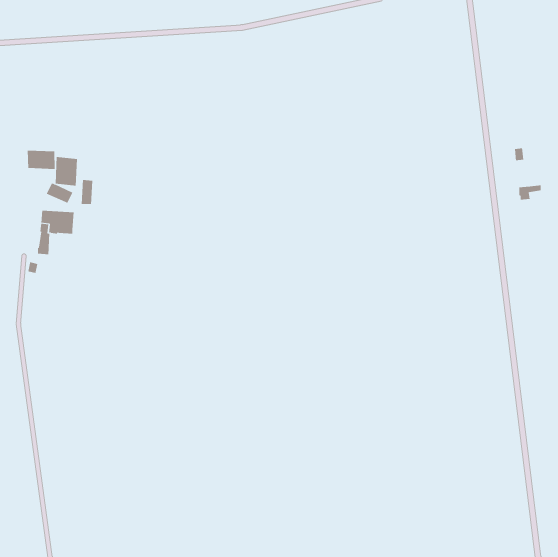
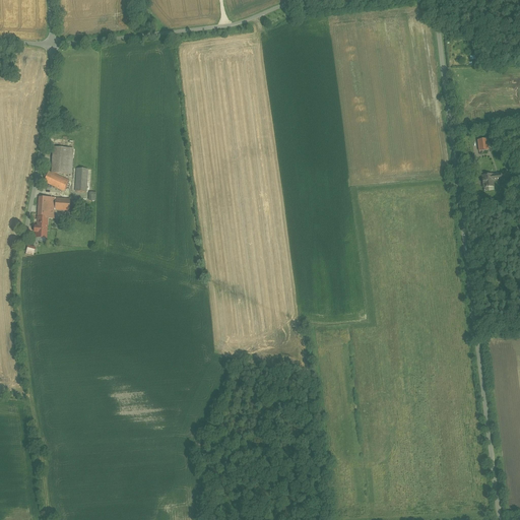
building: [27,150,55,170] -> none

